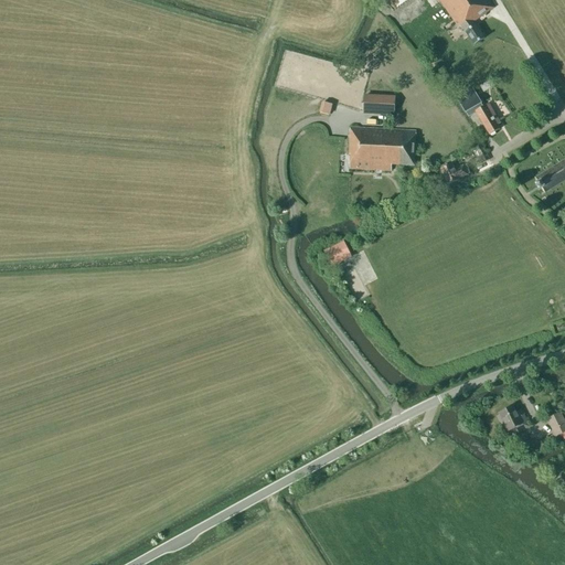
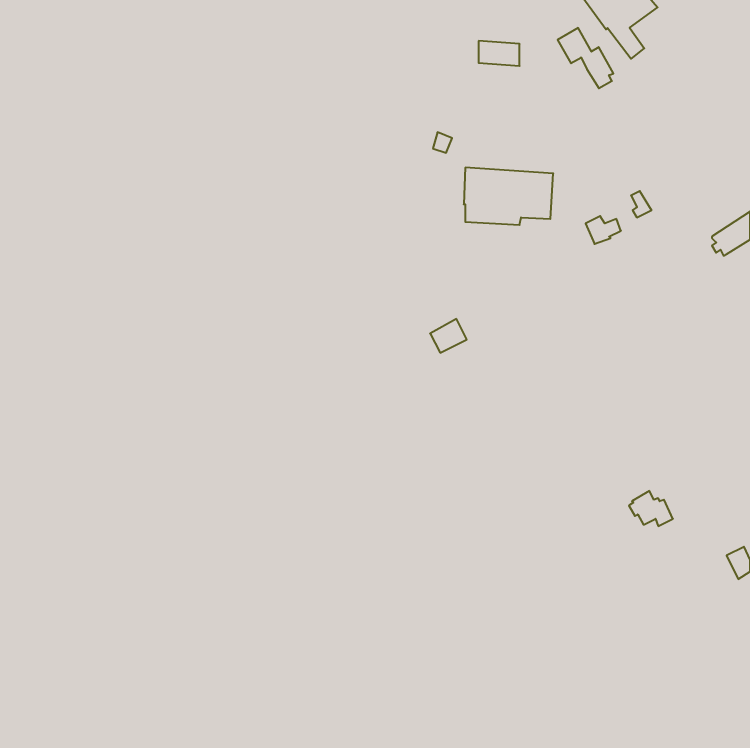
building: [458,88,500,134] -> [558,28,613,88]
building: [362,95,393,114] -> [479,41,520,66]
building: [497,405,530,431] -> [629,491,673,526]

